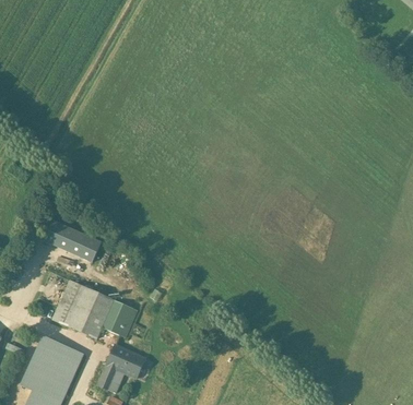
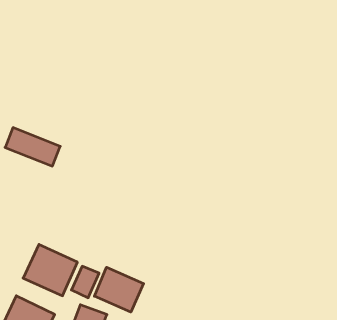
building: [38,222,99,264] -> [5,128,60,166]
building: none -> [94,267,144,312]

